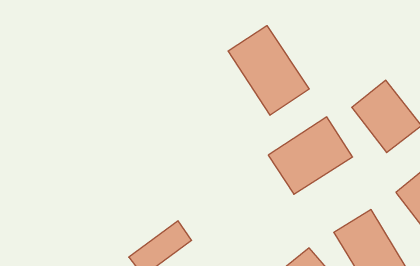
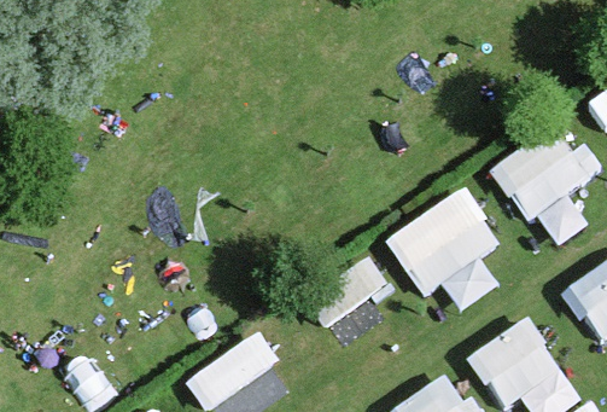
building: [228,26,309,115] -> none

